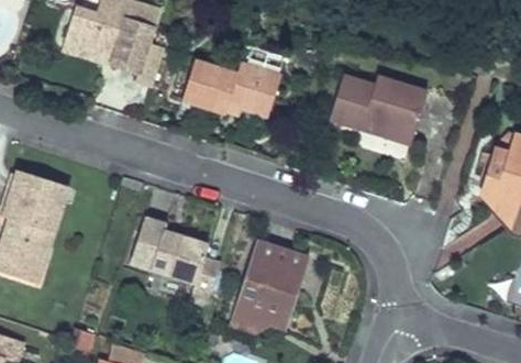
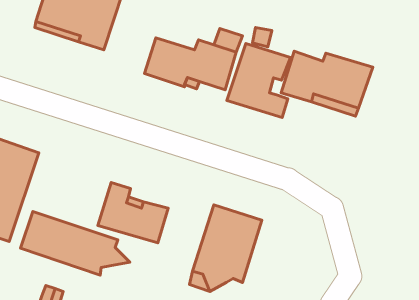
building: none -> [227,43,290,117]
building: none -> [21,212,130,275]

